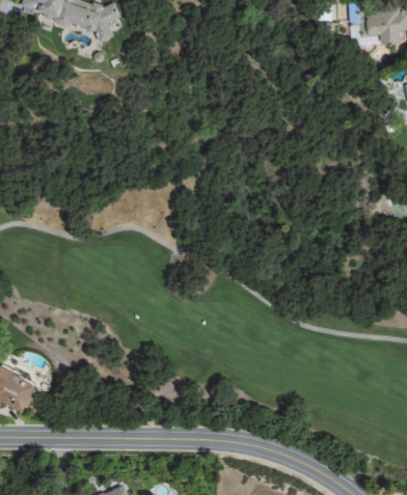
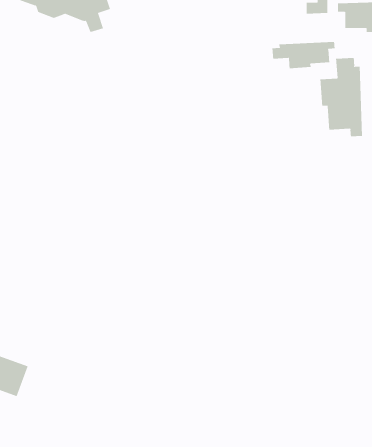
building: none -> [272,41,335,69]
building: none -> [320,57,362,137]

